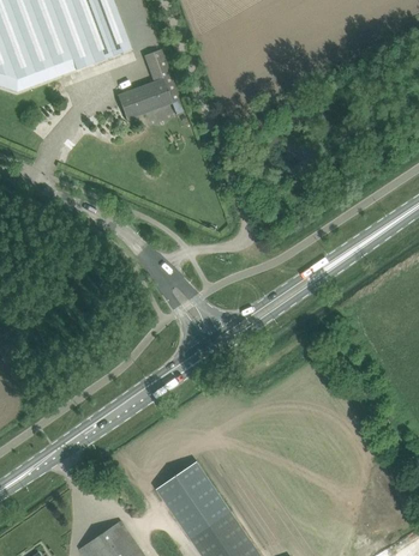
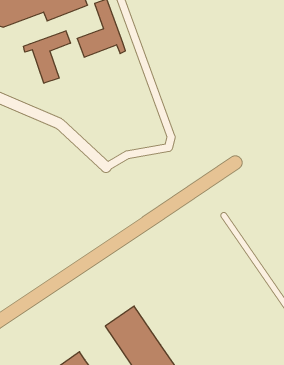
building: none -> [23,31,70,83]

